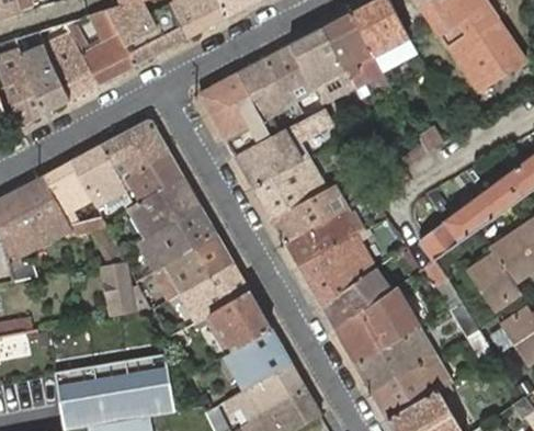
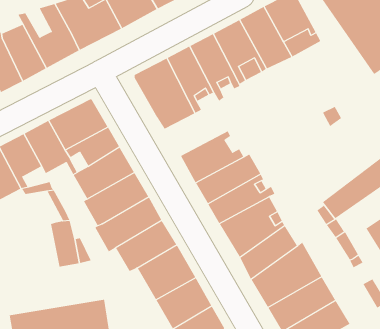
building: [234,109,332,186] -> none

